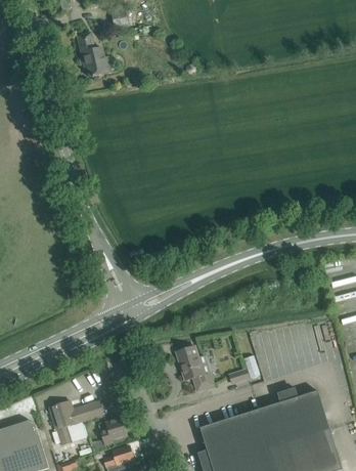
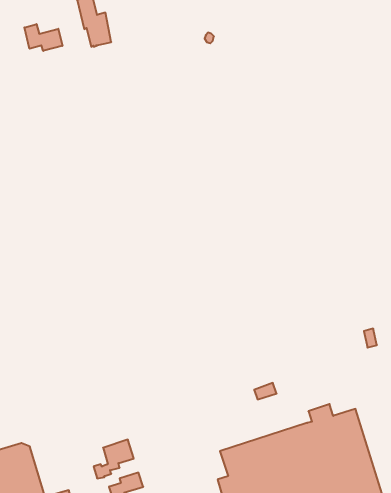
building: none -> [24,24,62,51]
building: [176,346,214,391] -> none
building: [49,400,103,445] -> none

